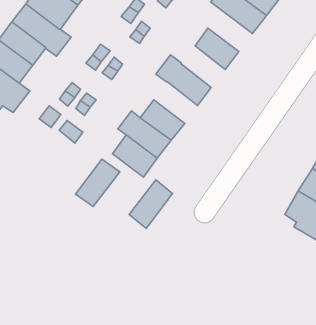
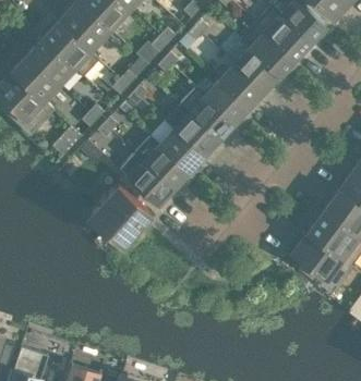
building: none -> [236,49,279,91]
building: none -> [206,82,249,124]
building: none -> [166,106,218,157]
building: [129,180,173,228] -> [106,198,151,245]

